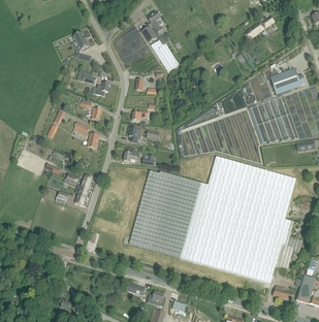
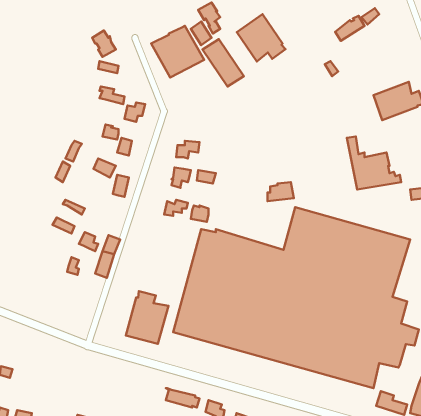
building: none -> [237,14,285,62]
building: none -> [126,291,168,344]

